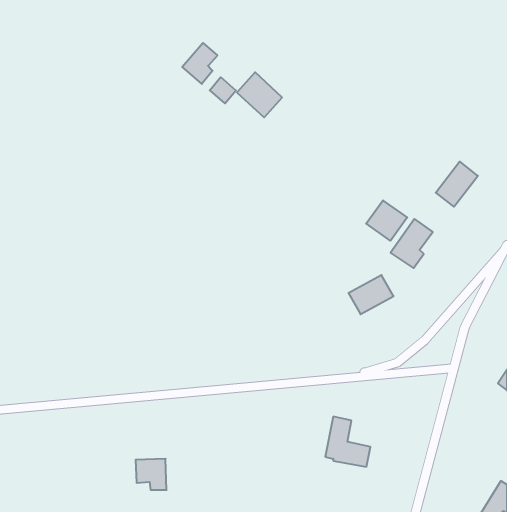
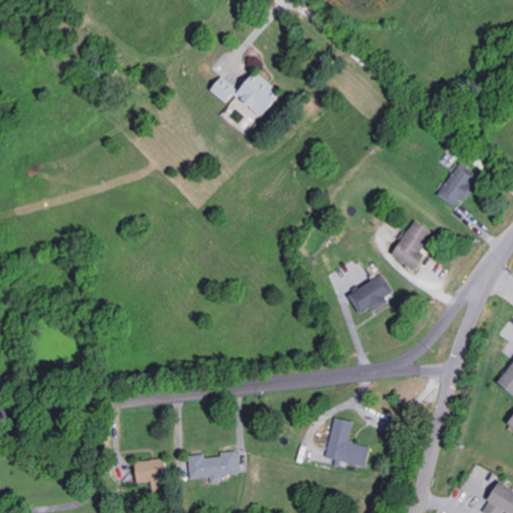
building: [182,43,217,84] -> none
building: [366,200,407,241] -> none
building: none -> [187,451,237,484]

